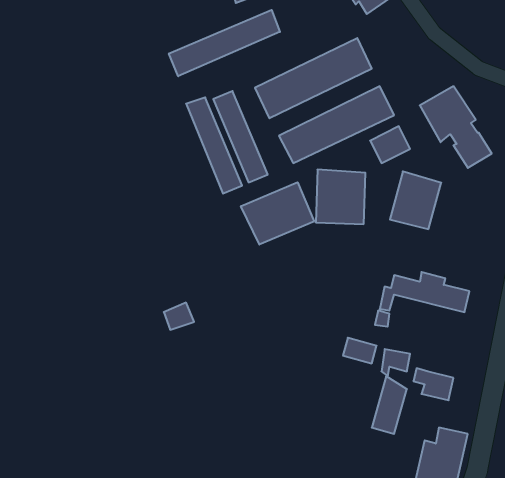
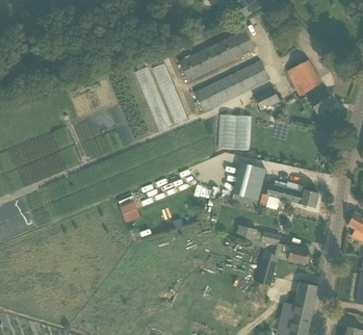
building: [169,10,280,76] -> none
building: [390,171,441,229] -> [233,162,266,200]
building: [241,182,314,245] -> none

